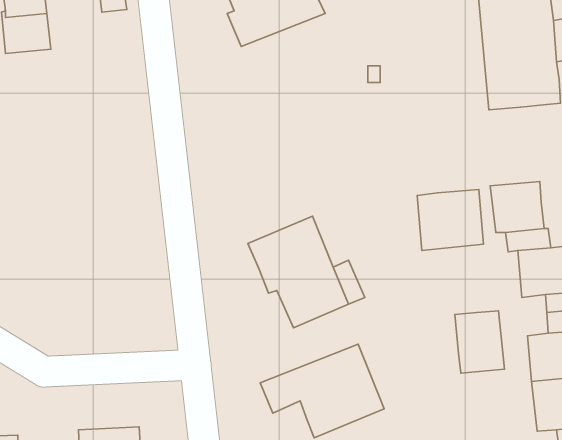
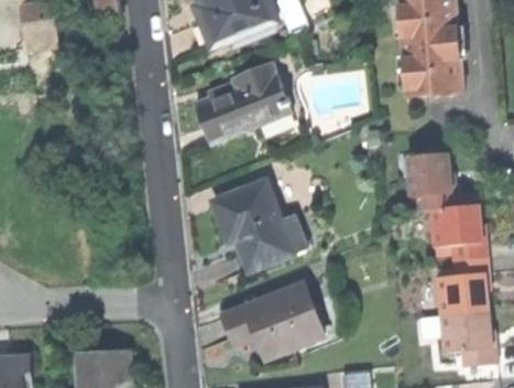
building: none -> [195,62,291,143]
building: [417,189,483,250] -> none
building: [455,311,505,373] -> none

